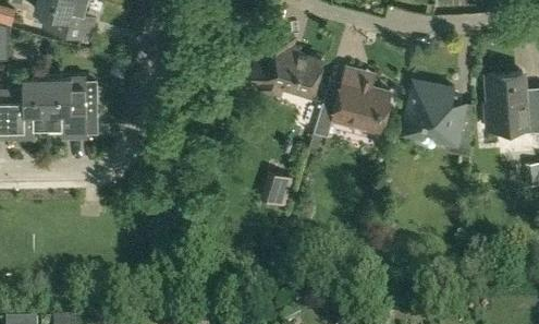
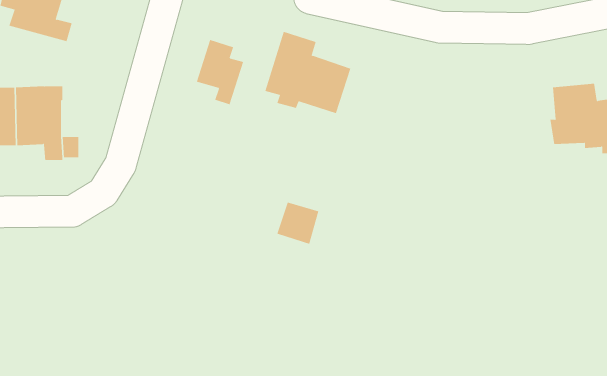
building: none -> [196,39,244,105]
building: [308,65,389,149] -> none
building: [406,83,470,153] -> none

